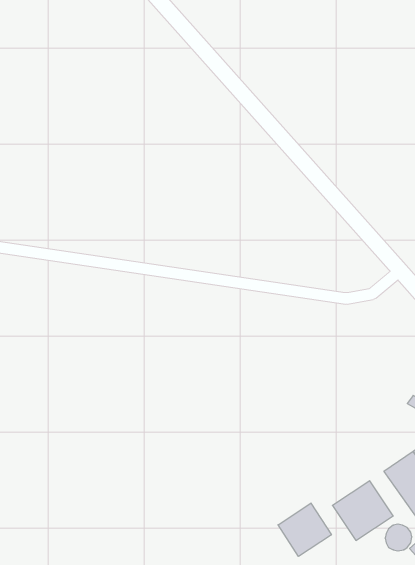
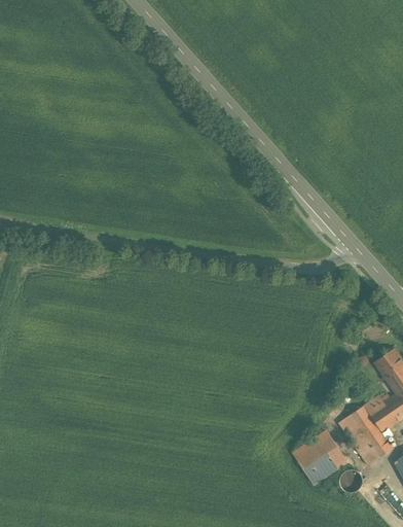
building: [278,503,331,556] -> none

